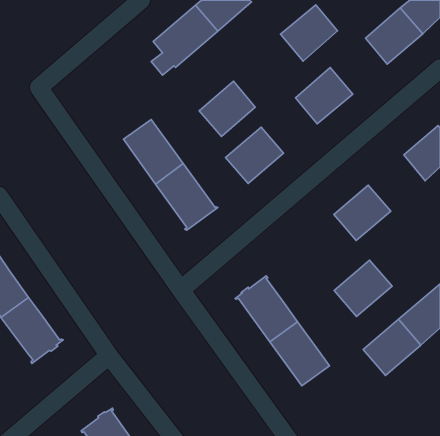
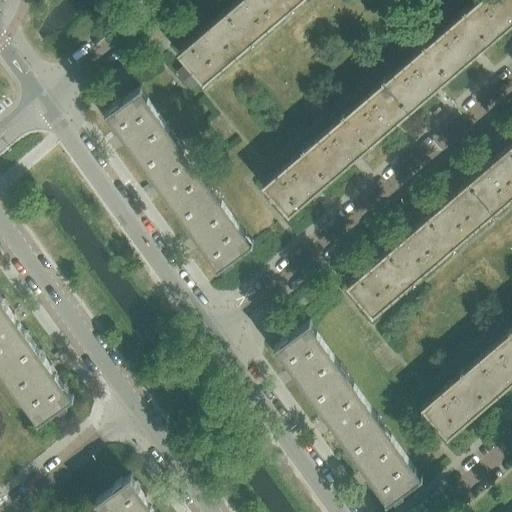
building: [281,5,338,61] -> [382,51,448,116]
building: none -> [103,92,175,168]
building: [199,81,255,137] -> [302,120,367,184]
building: none -> [426,186,492,251]
building: [334,260,392,317] -> [345,255,412,320]
building: none -> [349,430,421,507]

